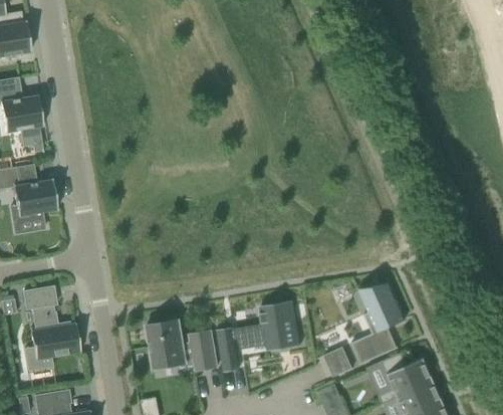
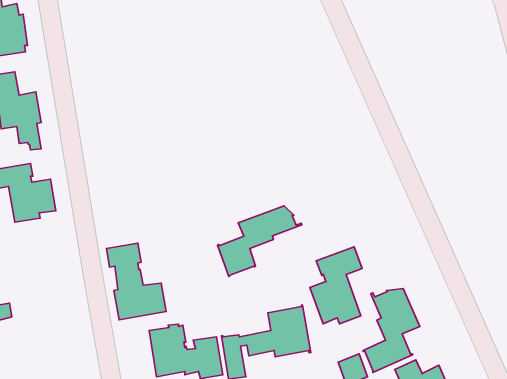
building: none -> [217,206,302,276]
building: none -> [310,247,362,324]
building: [22,286,79,360] -> [106,243,166,320]

